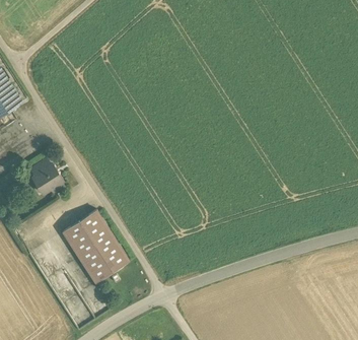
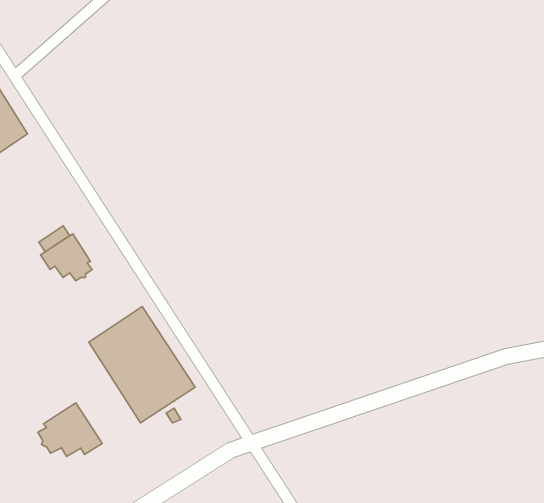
building: none -> [38,403,102,457]

